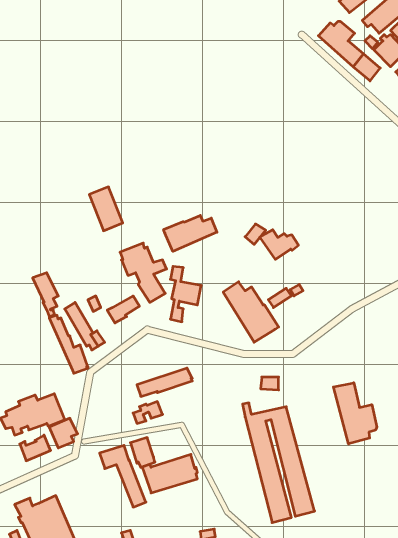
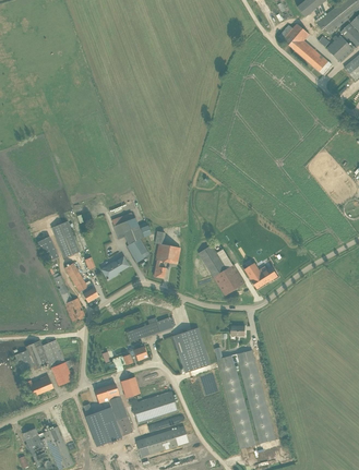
building: [89,187,123,231] -> [51,220,80,257]
building: [164,215,217,251] -> none
building: [260,230,298,259] -> [244,263,277,288]
building: none -> [172,327,210,372]
building: [333,383,377,444] -> none
building: none -> [83,402,122,446]
building: none -> [135,425,189,456]

